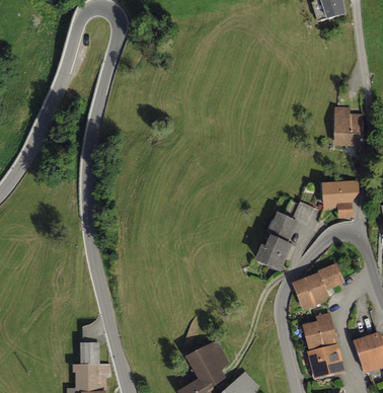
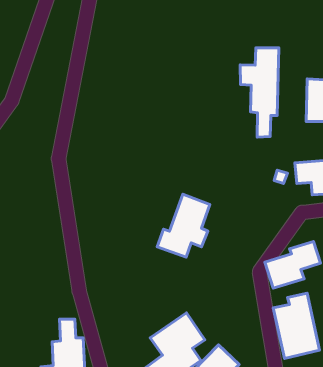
building: none -> [240,48,279,137]
building: [247,209,299,270] -> [157,194,210,257]

